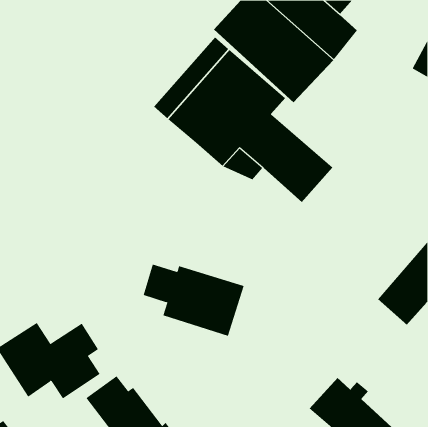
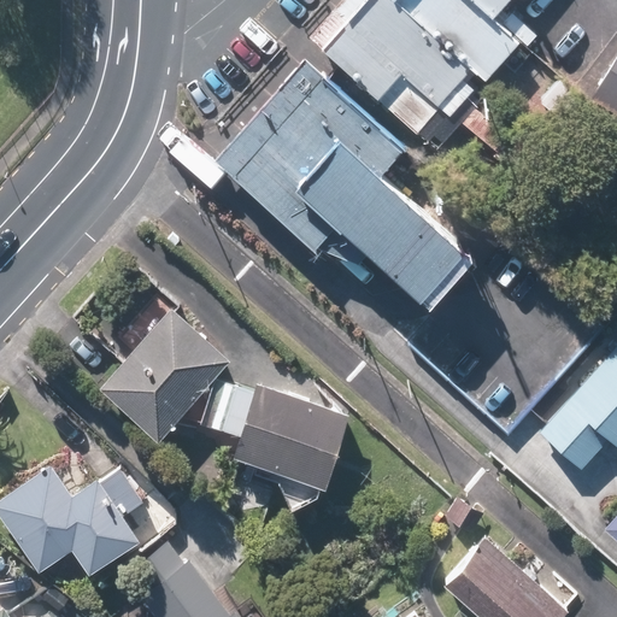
building: none -> [96,311,229,445]

